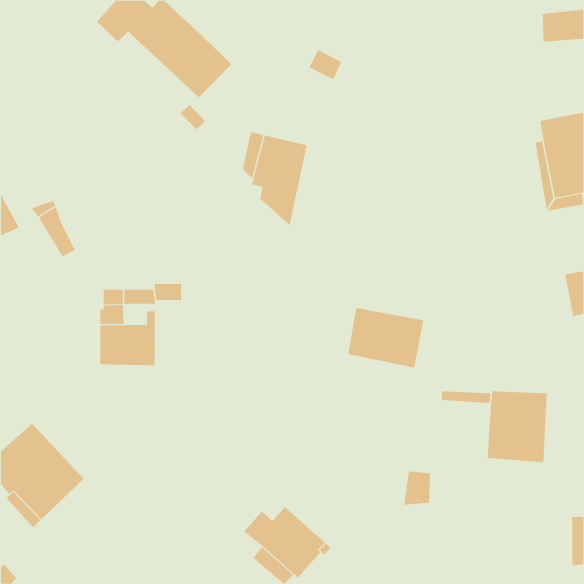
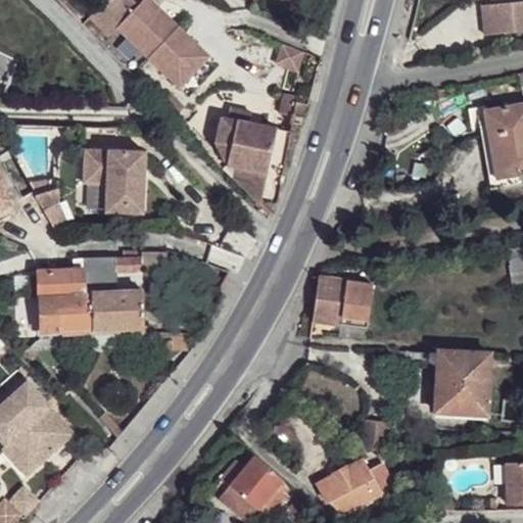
building: none -> [79,146,140,208]
building: none -> [36,257,89,326]
building: none -> [320,460,380,514]

